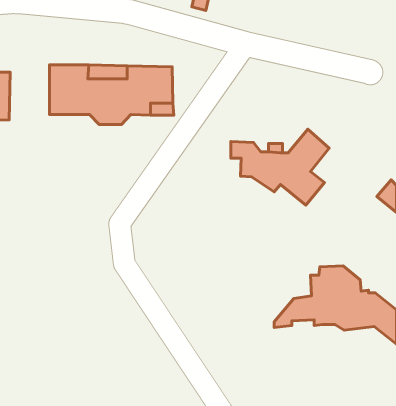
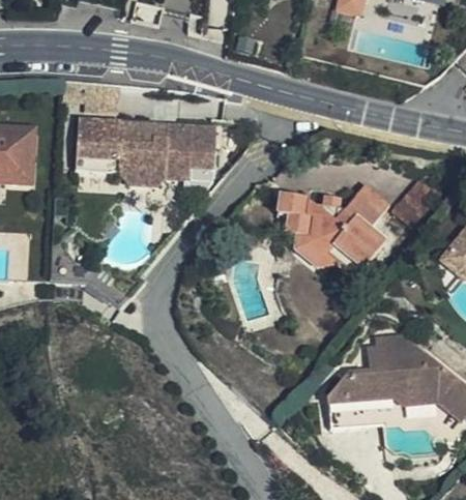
building: none -> [390,182,439,229]
building: none -> [297,237,362,277]
building: none -> [327,395,382,429]

